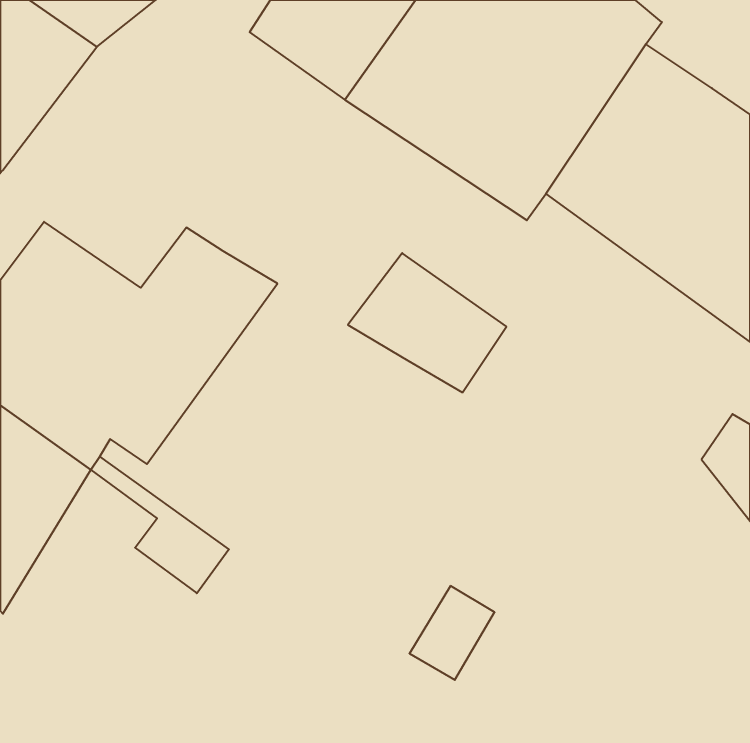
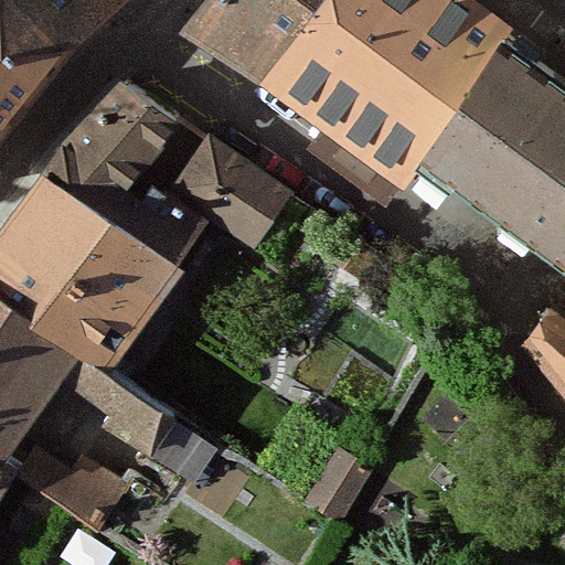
building: none -> [33,76,182,222]
building: [348,253,506,392] -> [168,140,287,245]
building: none -> [18,439,126,526]

